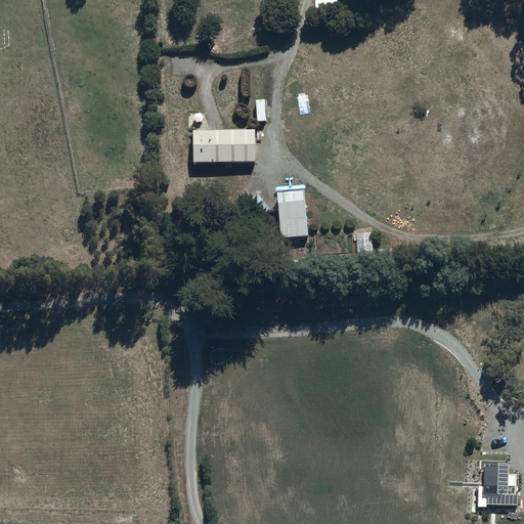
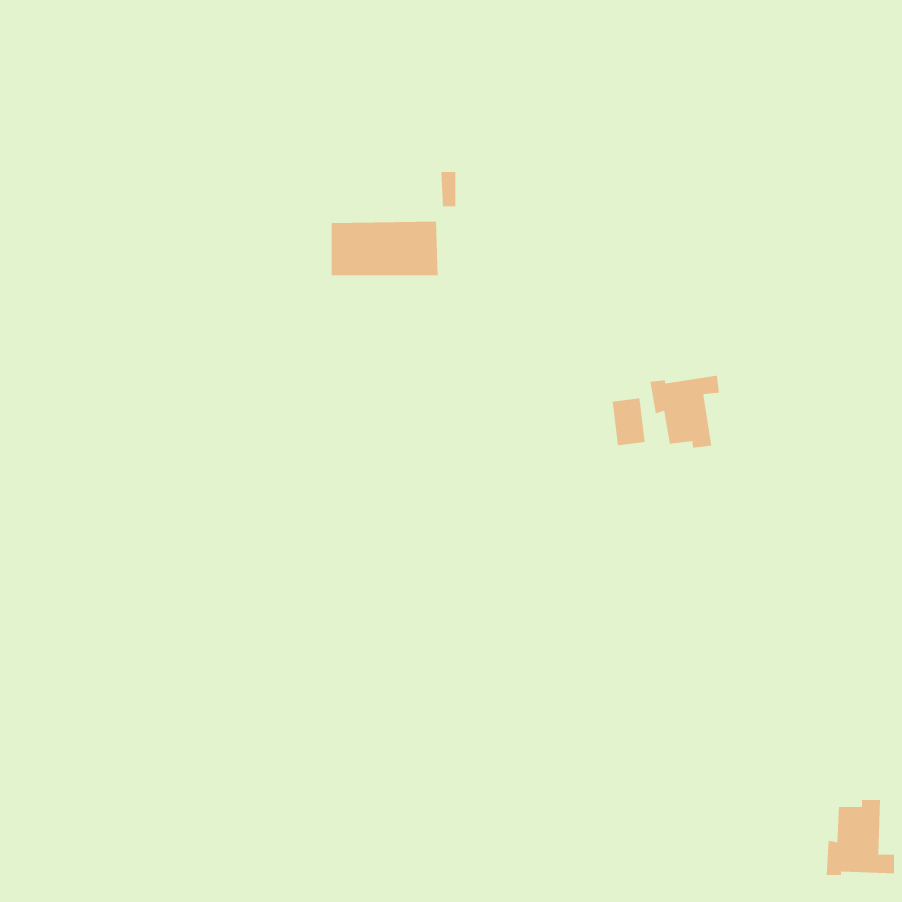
building: [276,189,307,237] -> none
building: none -> [650,375,719,448]

